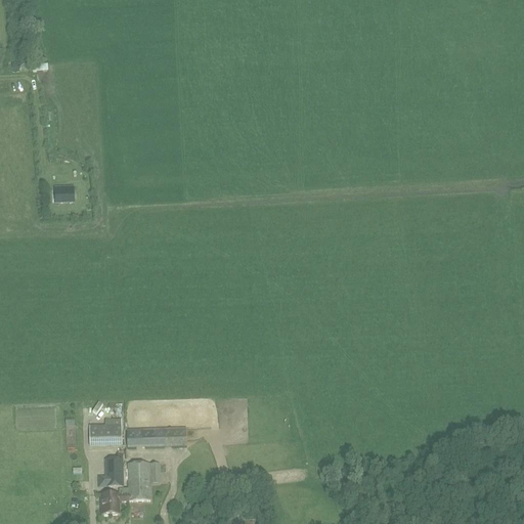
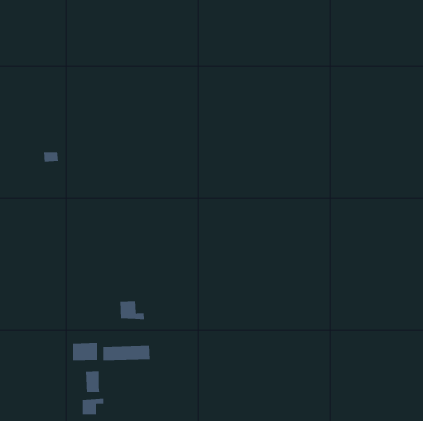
building: none -> [120,300,145,320]
building: [118,462,150,499] -> none

